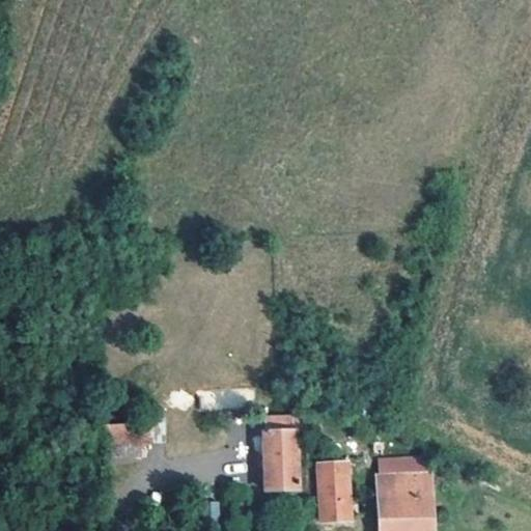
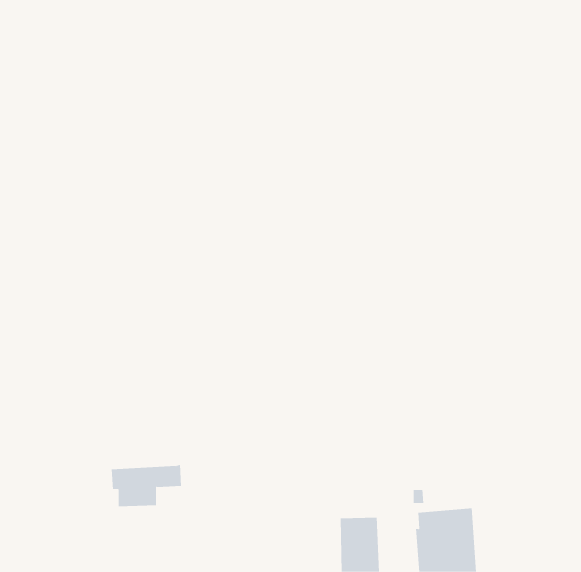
building: [266,416,306,490] -> none

